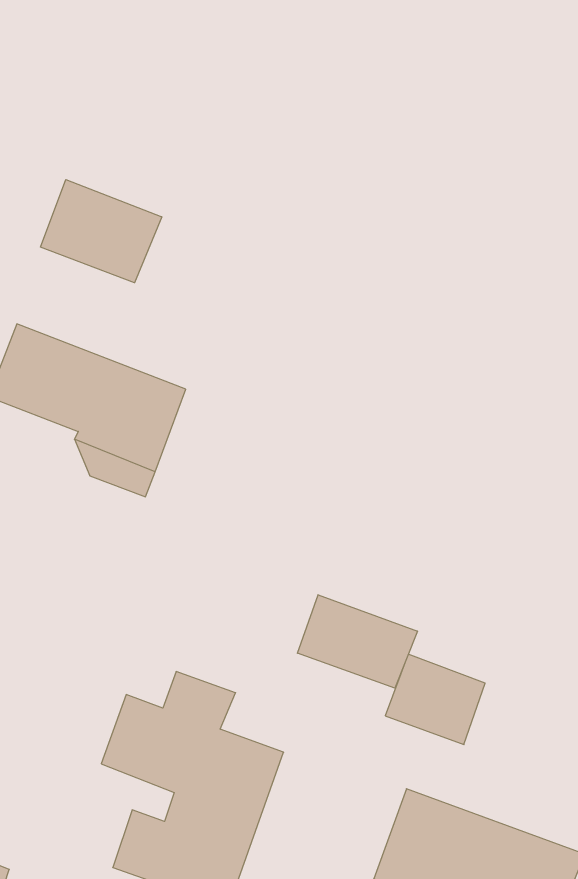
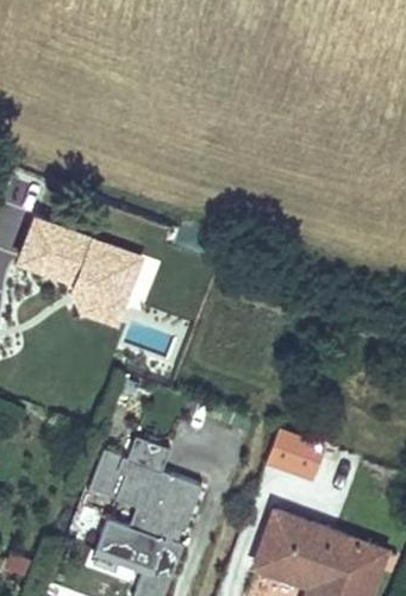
building: [41,180,162,283] -> none
building: [297,595,417,688] -> none

